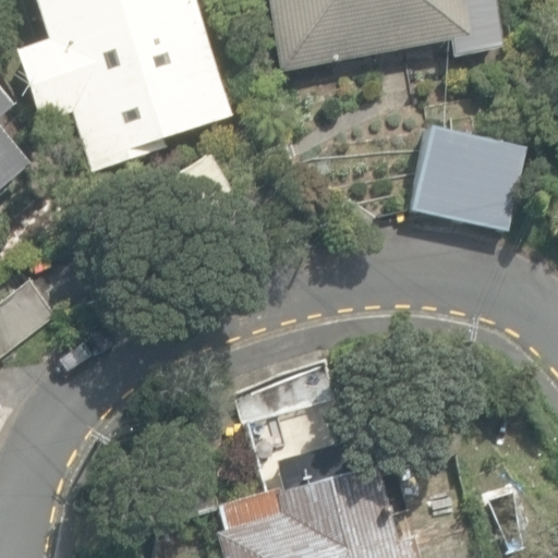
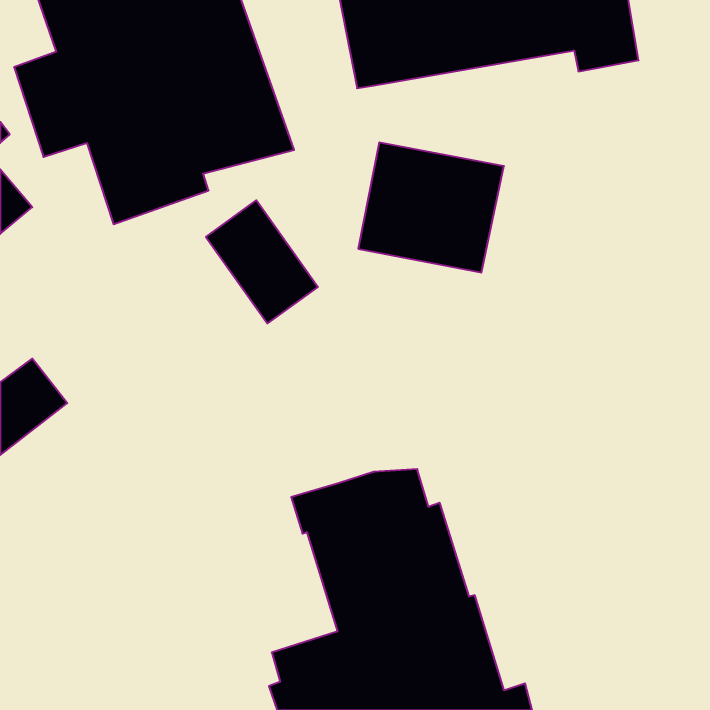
building: [411,128,524,229] -> [358,142,504,273]

